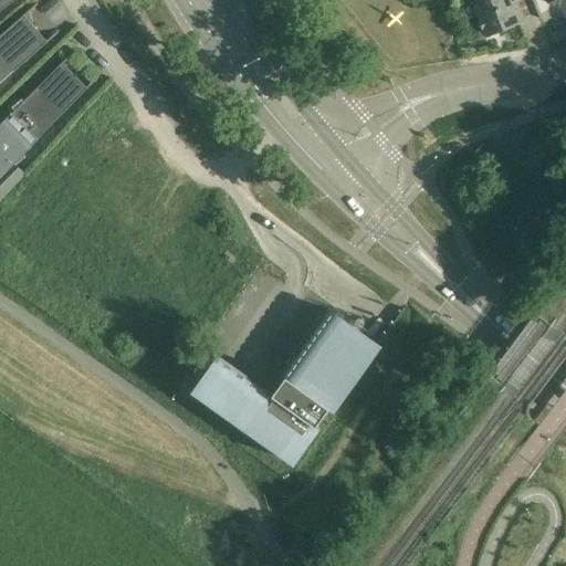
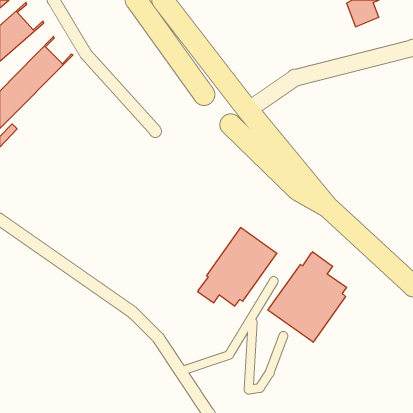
building: none -> [268,252,347,342]
building: [192,359,321,464] -> none

